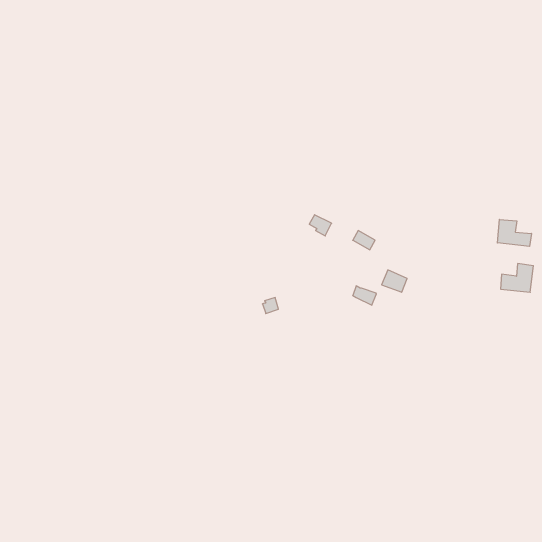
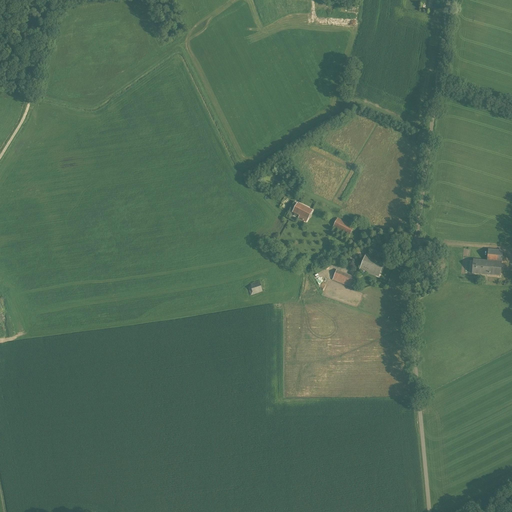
building: [497,219,531,246] -> none

